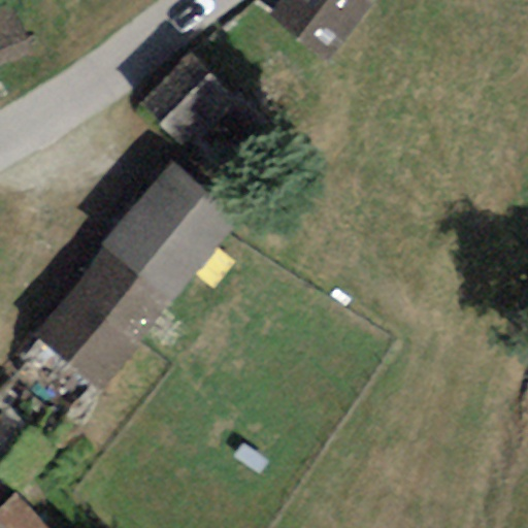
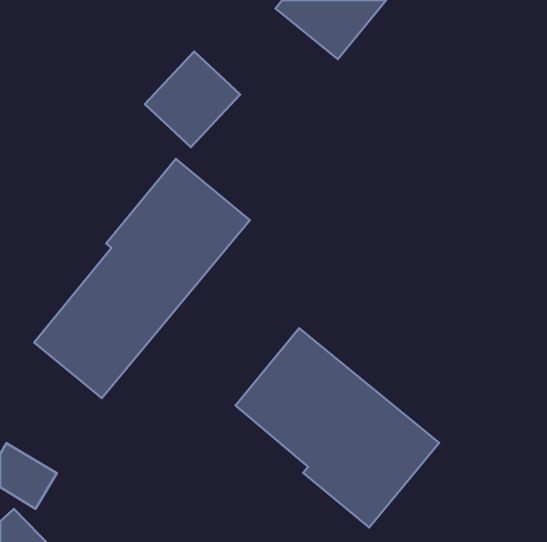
building: none -> [235,328,439,527]

